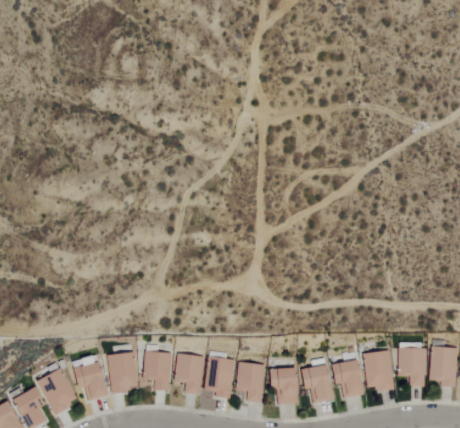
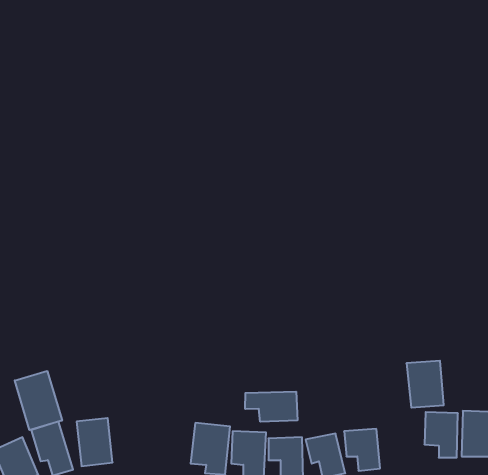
building: none -> [15,371,62,430]
building: none -> [245,392,297,422]
building: [364,351,395,390] -> [406,361,444,408]
building: [144,352,173,391] -> none
building: [176,354,206,395] -> none

